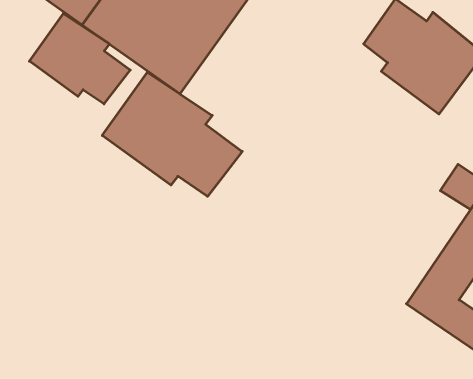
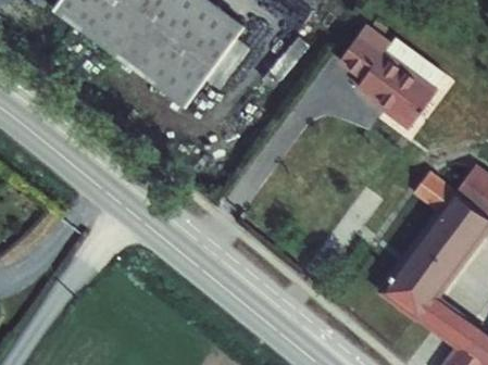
building: [29,13,130,104] -> none
building: [102,72,242,196] -> none

